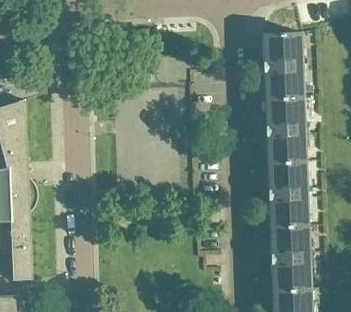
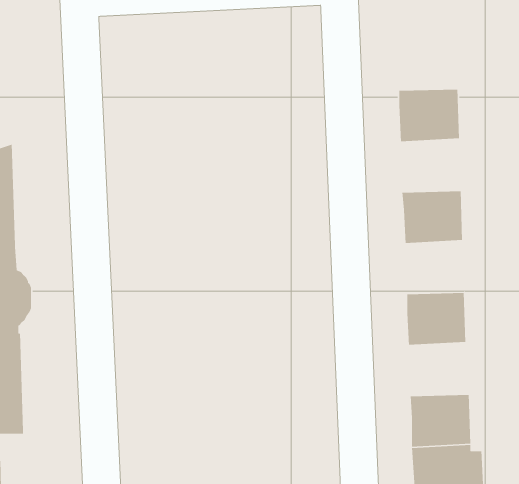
building: [263,32,301,66] -> none
building: [265,96,310,129] -> none
building: [268,159,305,192] -> none
building: [270,222,308,255] -> none

